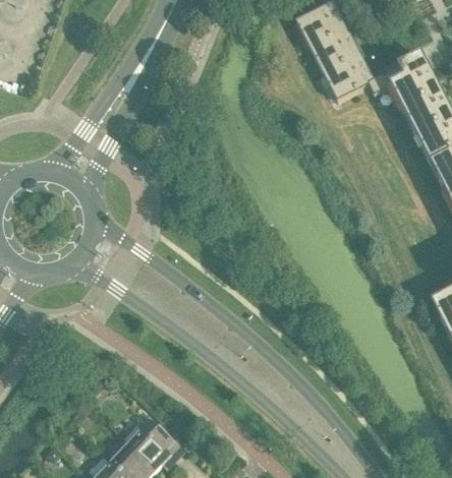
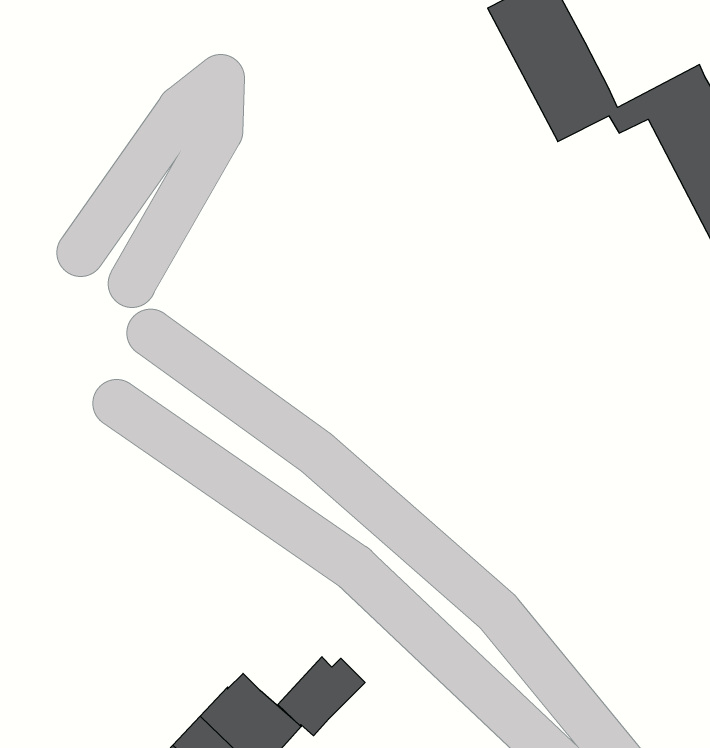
building: none -> [278,657,365,736]

